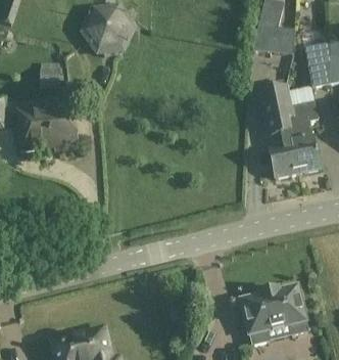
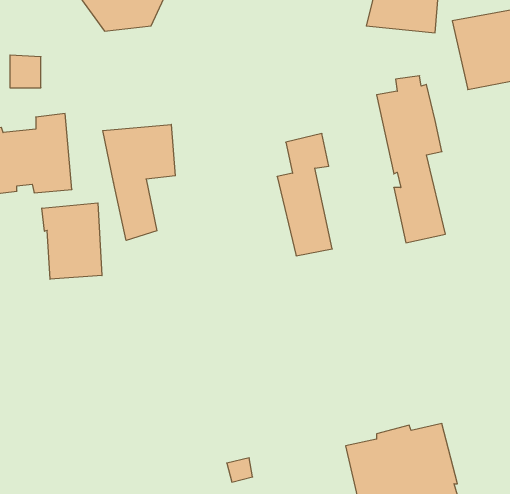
building: [288,100,321,173] -> [277,134,332,256]
building: none -> [103,124,175,240]
building: none -> [42,203,102,279]

